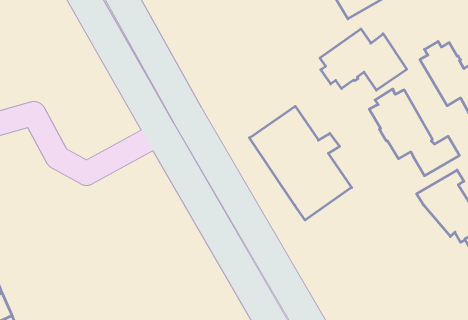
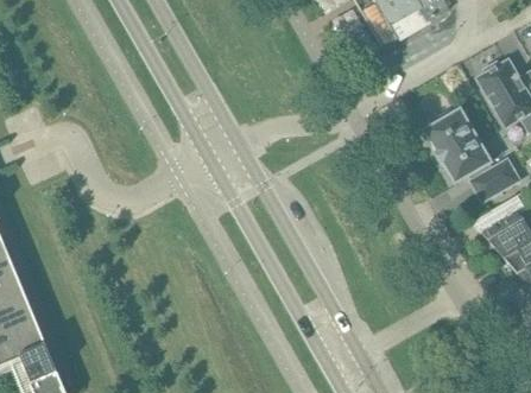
building: [320,29,407,90] -> none
building: [249,106,352,220] -> none

